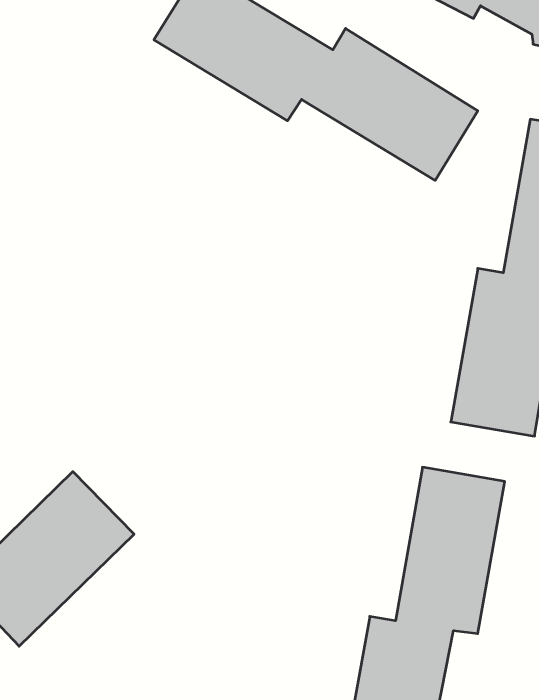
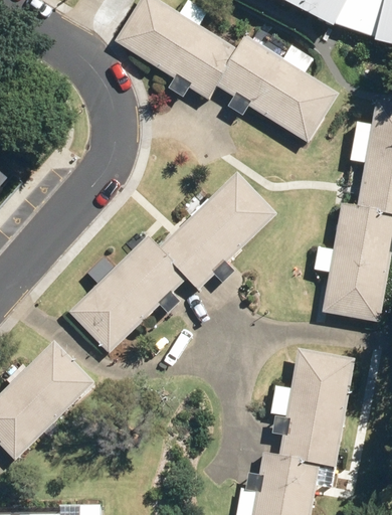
building: none -> [70,166,281,352]

